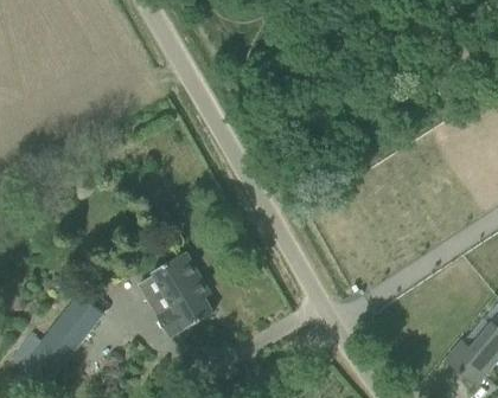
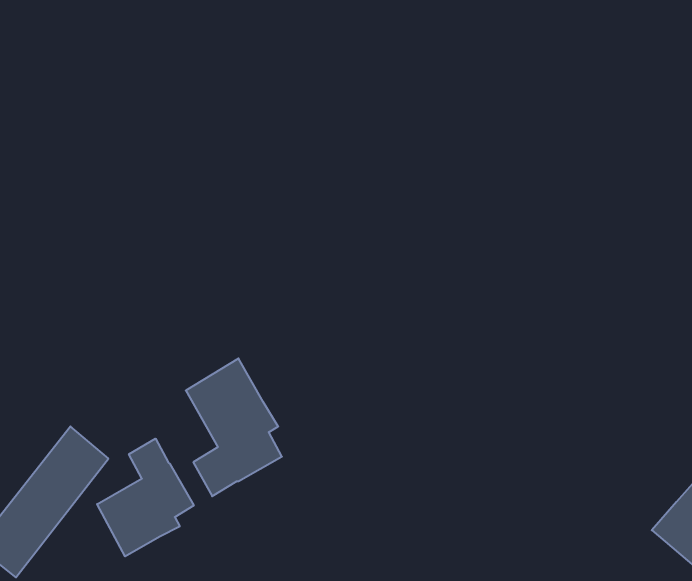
building: none -> [97,439,194,556]

